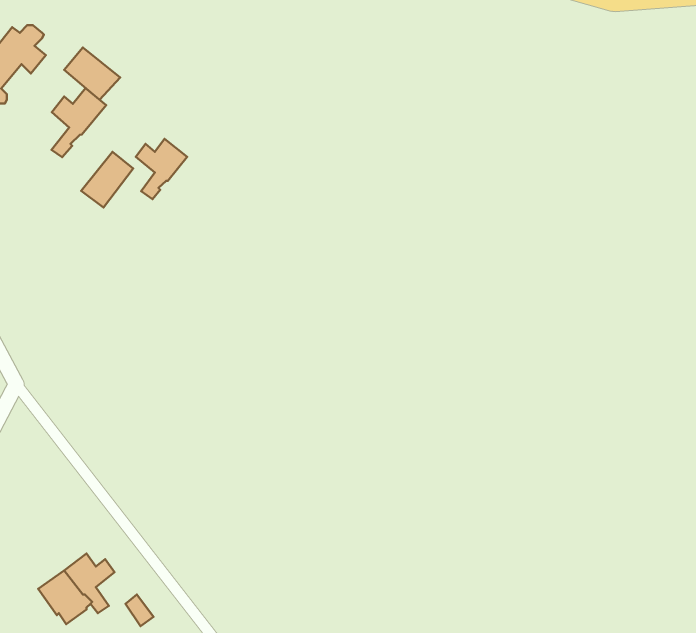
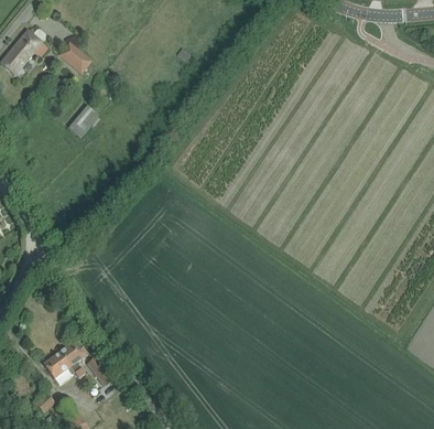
building: [52,88,106,157] -> none
building: [136,139,187,199] -> none

